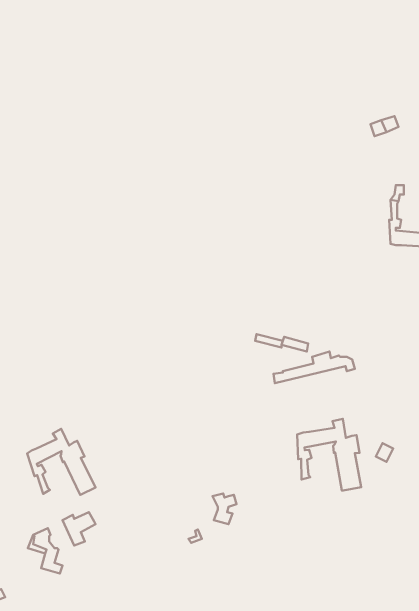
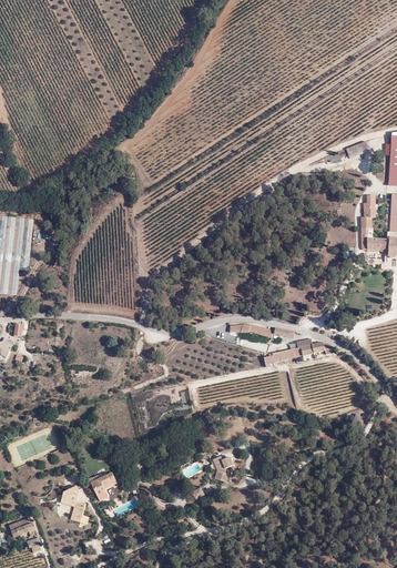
building: [297,419,361,491] -> none
building: [27,429,95,495] -> none

